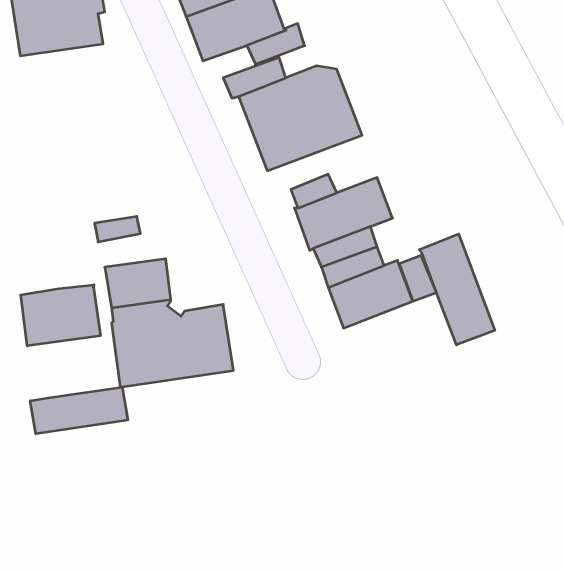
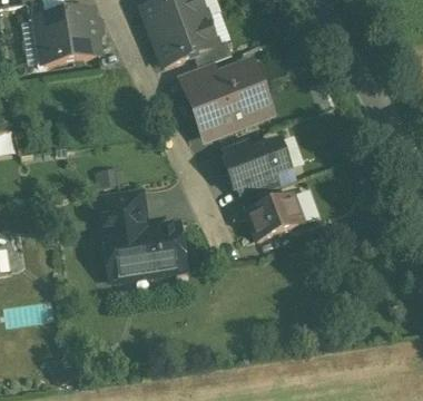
building: [419,234,495,345] -> none
building: [21,285,100,346] -> none
building: [30,387,128,434] -> none

